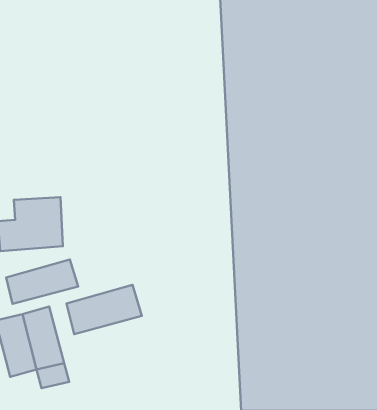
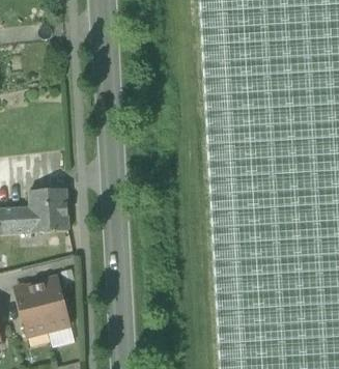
building: [6,260,78,304] -> none
building: [66,285,142,334] -> none

